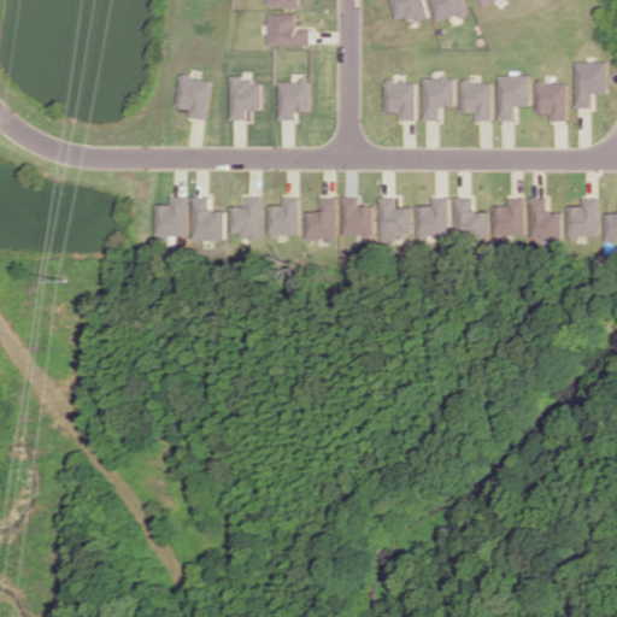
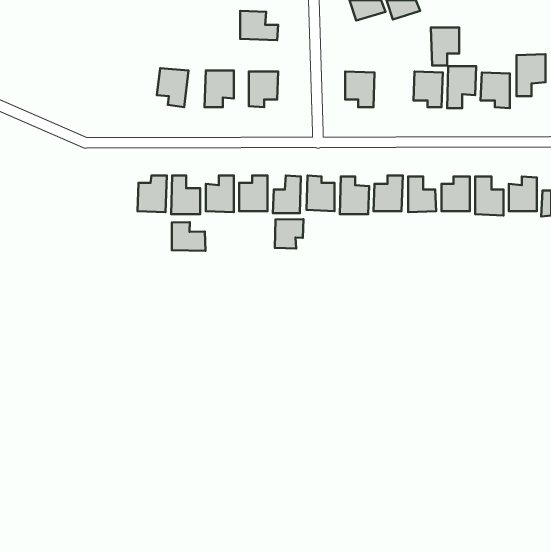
building: [423,78,454,121] -> [431,28,459,65]
building: none -> [275,219,303,248]
building: none -> [172,222,205,251]

